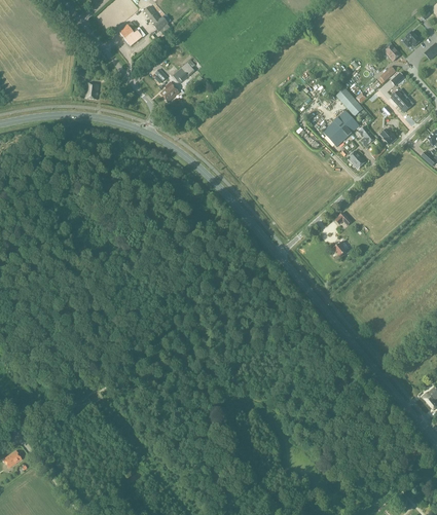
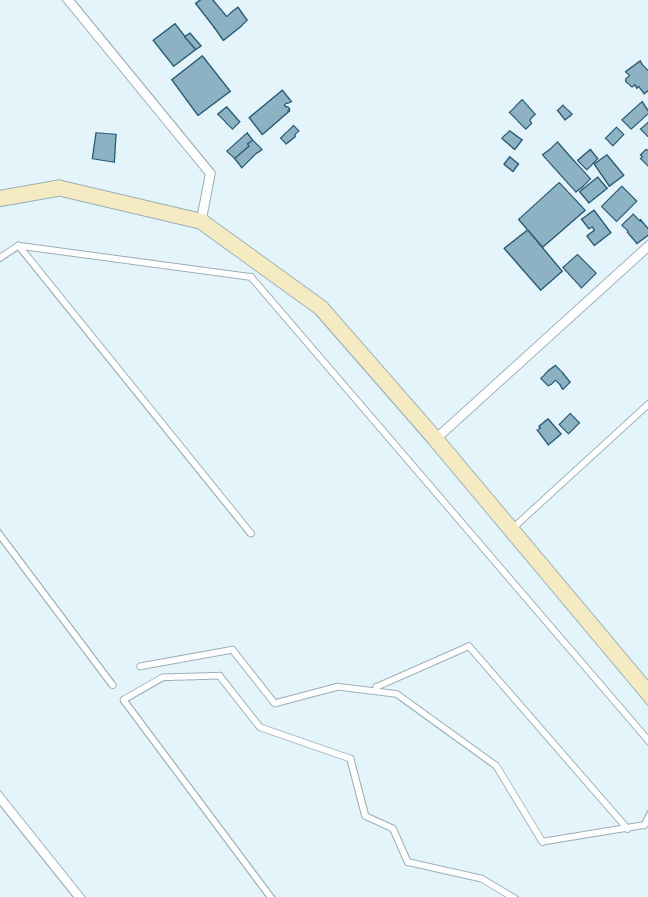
building: none -> [172,56,230,115]
building: none -> [504,230,562,290]

